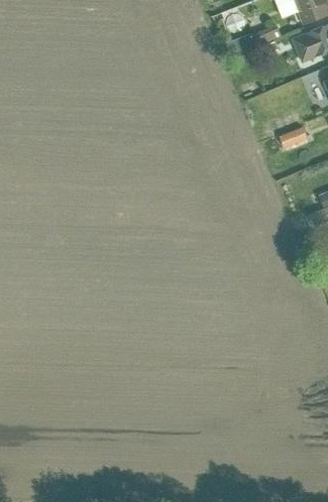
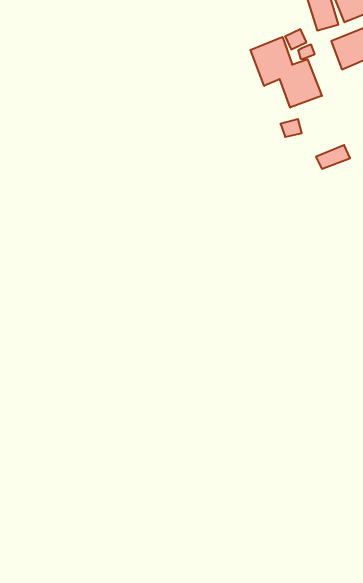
building: none -> [250,37,322,108]

